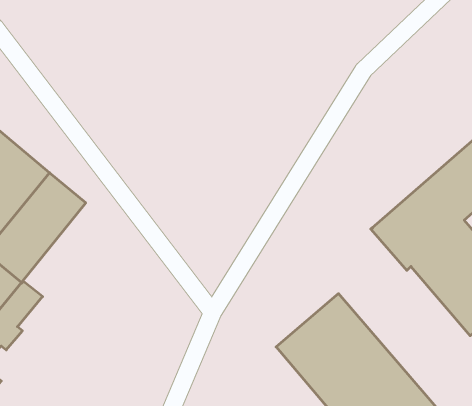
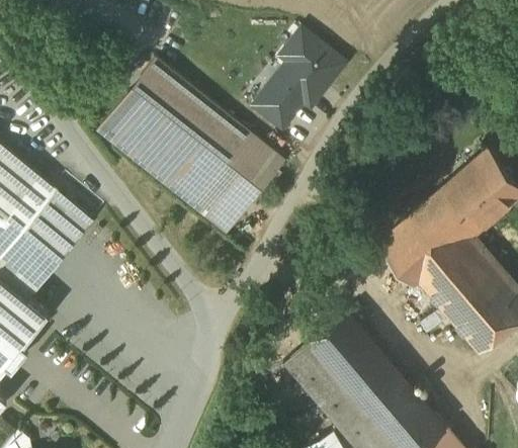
building: none -> [254,28,345,127]
building: none -> [99,58,284,232]

